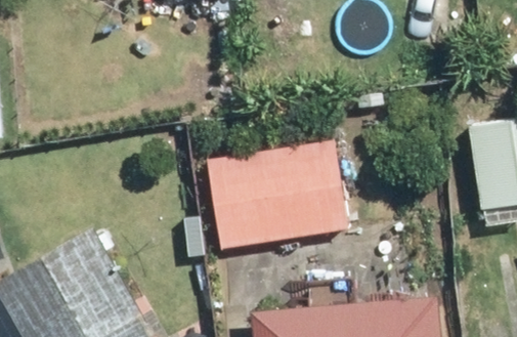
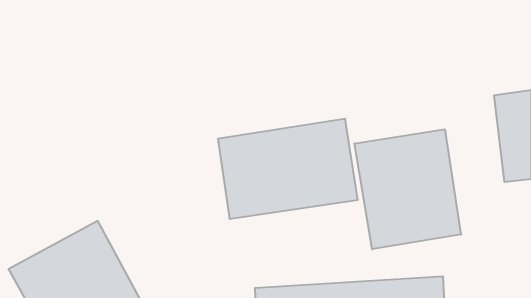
building: none -> [354,129,461,249]

